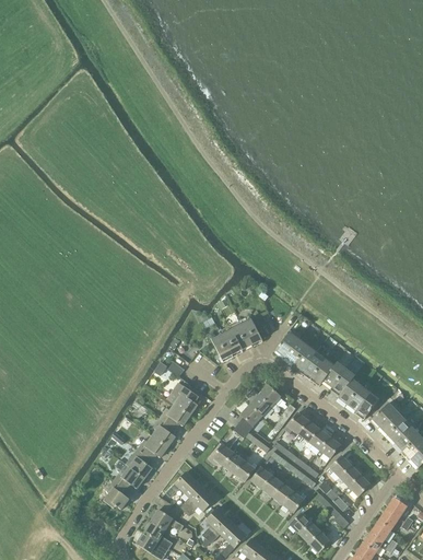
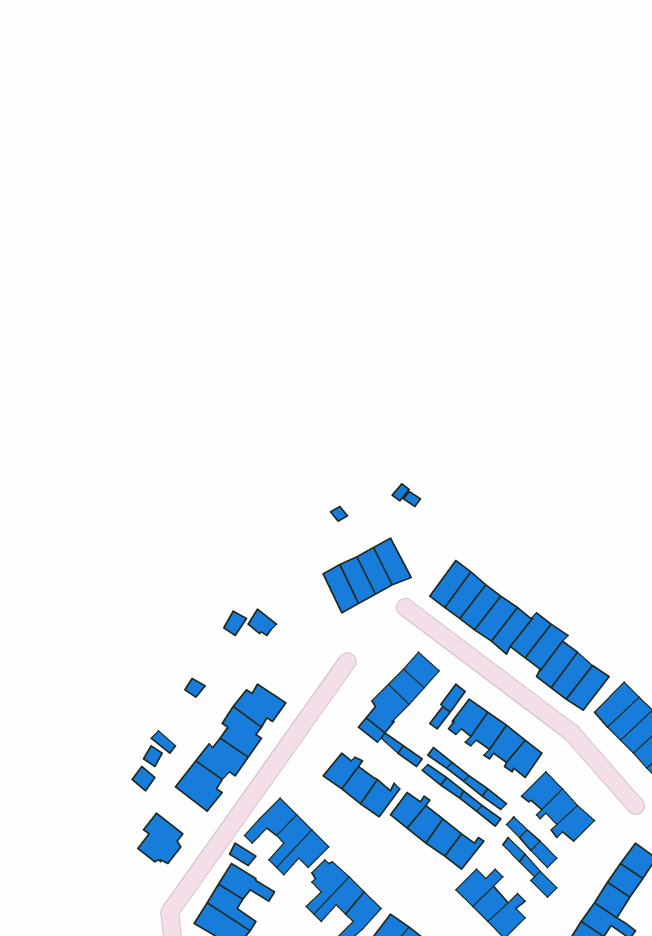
building: [166,382,198,415] -> none
building: [115,459,144,491] -> none

